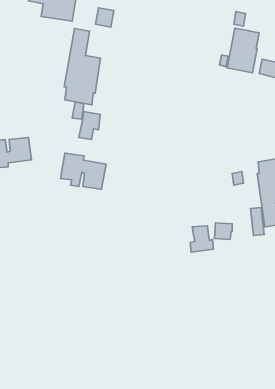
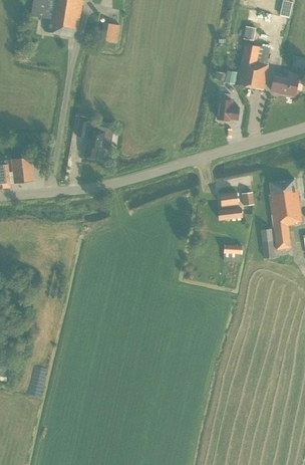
building: [64,29,101,105] -> none
building: none -> [217,92,239,120]
building: [60,153,106,189] -> none
building: [190,226,213,252] -> [218,192,242,219]

